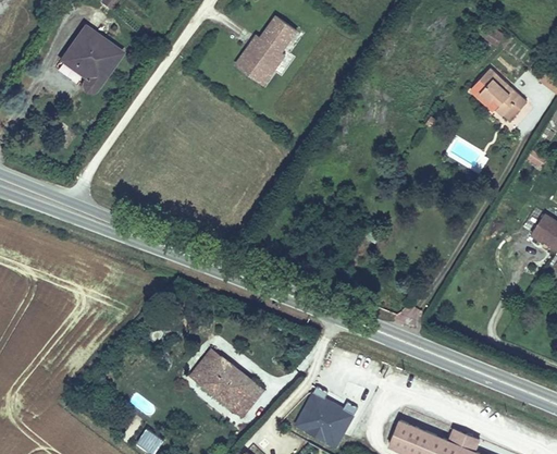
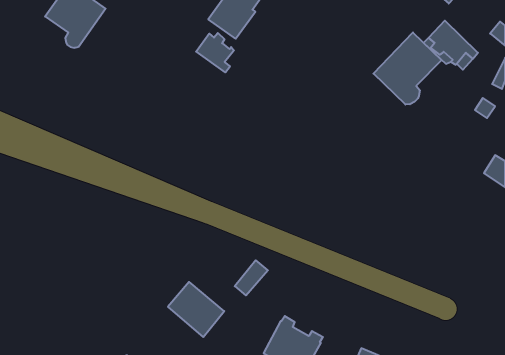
building: none -> [373,32,441,105]
building: none -> [196,33,234,72]
building: [228,381,264,419] -> [235,260,268,295]

